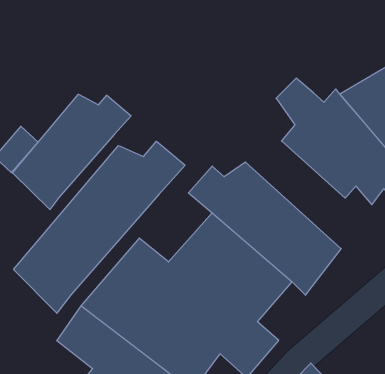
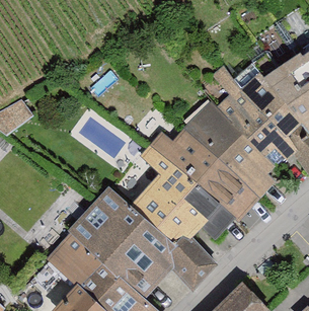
building: [12,94,131,209] -> none
building: none -> [189,104,277,193]
building: [14,141,185,313] -> none

